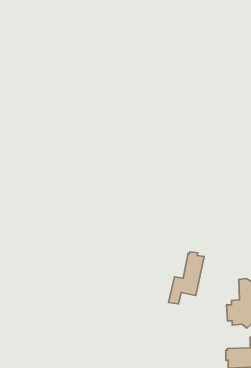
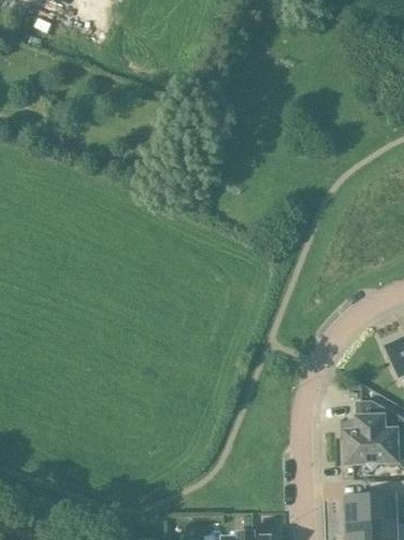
building: [169,252,204,304] -> none

